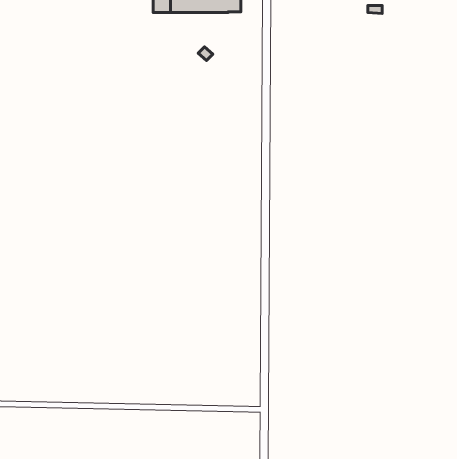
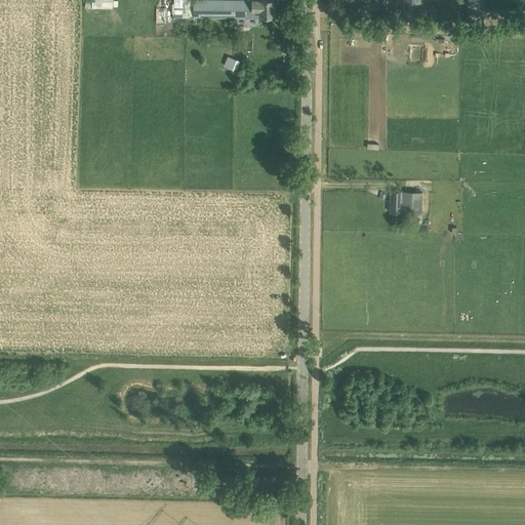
building: none -> [395,189,419,211]

